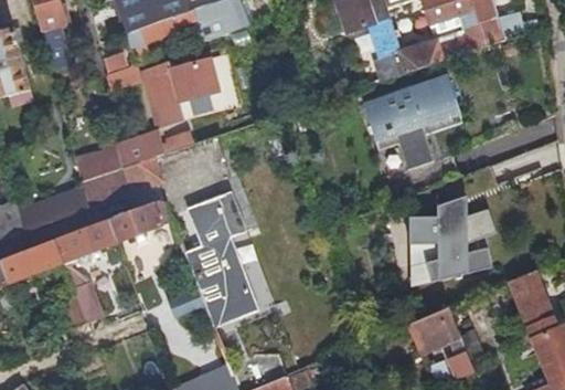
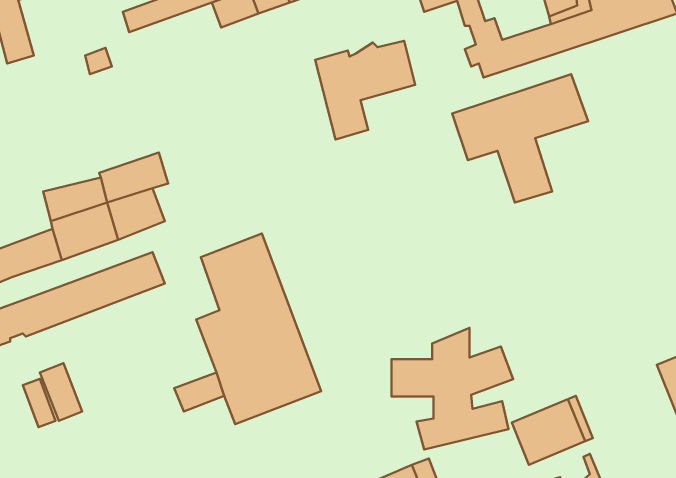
building: [149,57,220,127] -> [315,41,415,139]
building: [409,196,495,282] -> [391,328,513,450]

